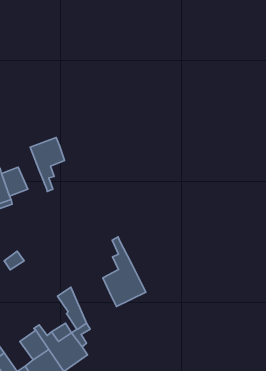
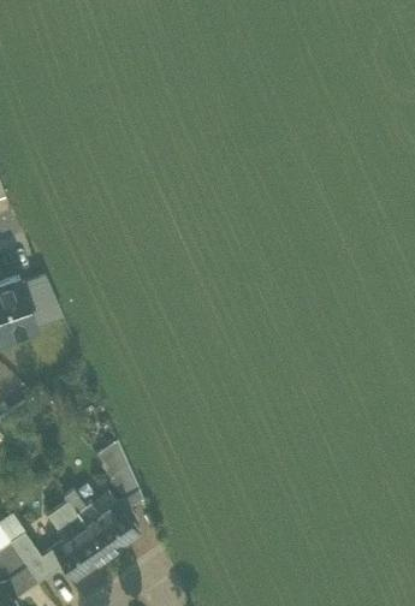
building: [30,137,65,192] -> none
building: [103,237,146,306] -> none

